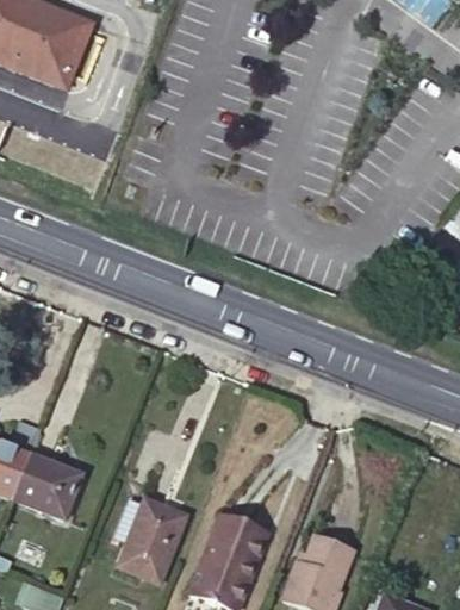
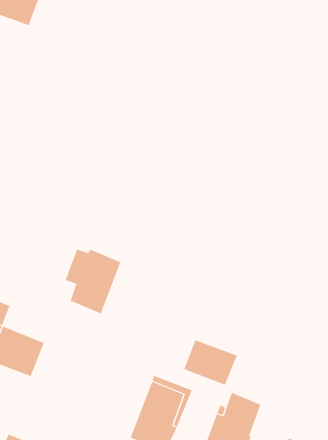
building: none -> [184,339,237,386]
building: [116,500,186,583] -> [65,249,121,314]

